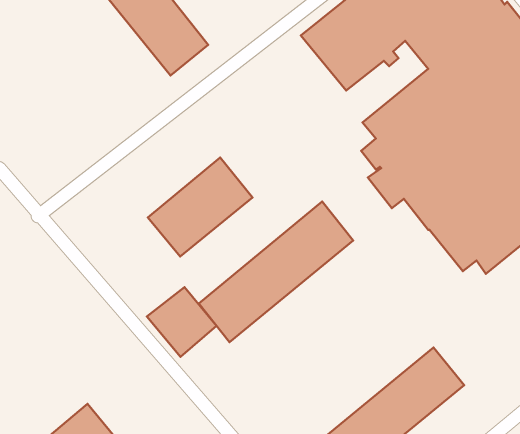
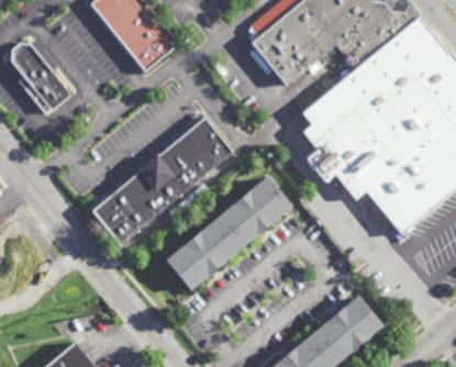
building: none -> [9,42,68,108]
building: none -> [182,121,232,173]
building: [147,287,217,357] -> [92,189,149,246]

